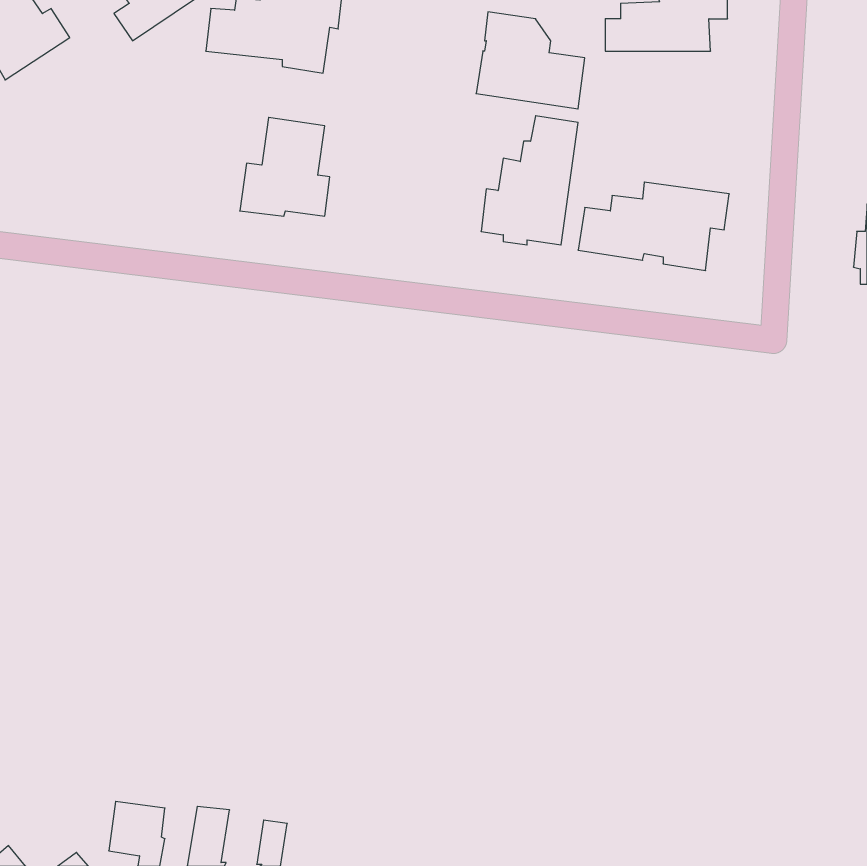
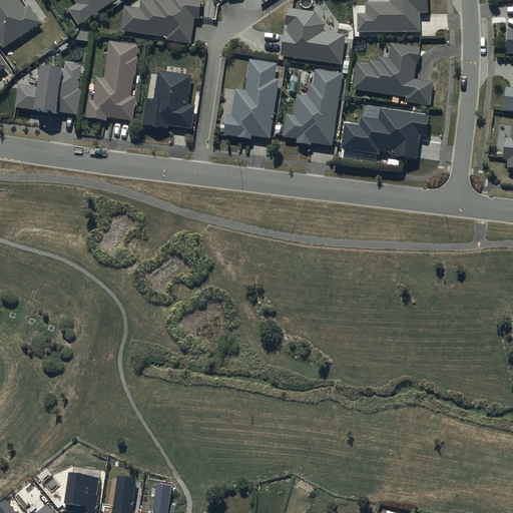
building: none -> [86,41,137,119]
building: none -> [353,41,433,104]
building: none -> [222,58,280,139]
building: none -> [15,61,81,113]

